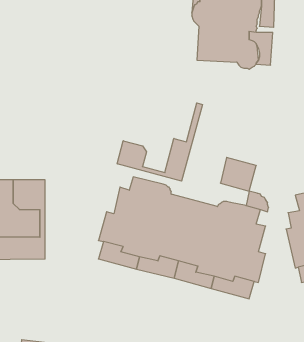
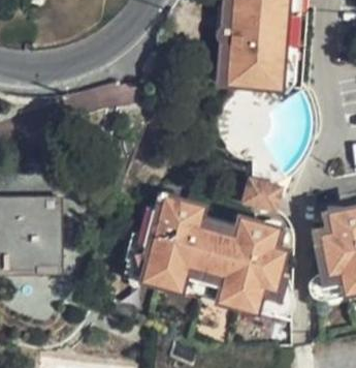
building: [117,103,203,181] -> none

